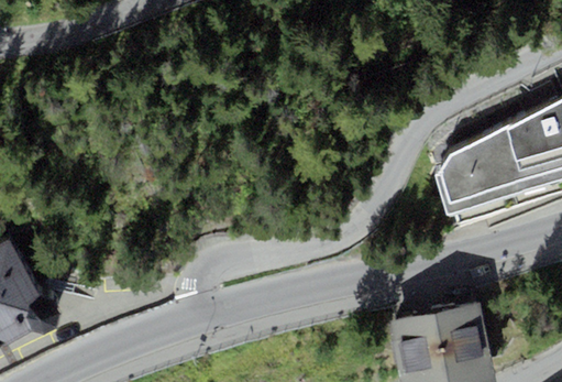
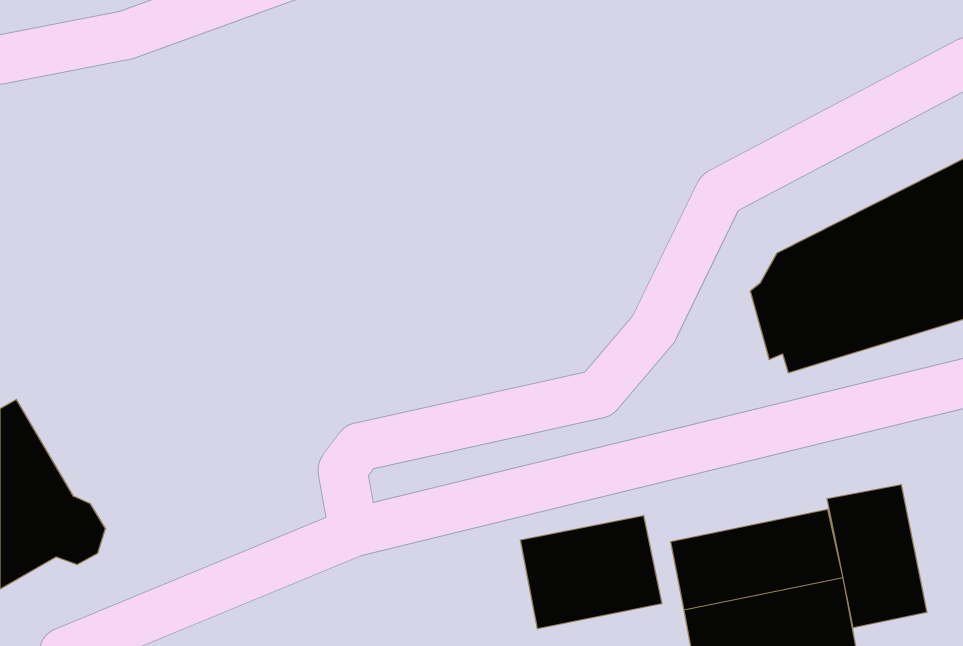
building: none -> [827,484,927,628]
building: none -> [520,515,662,629]

